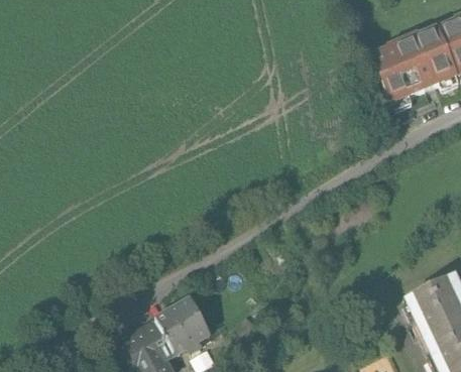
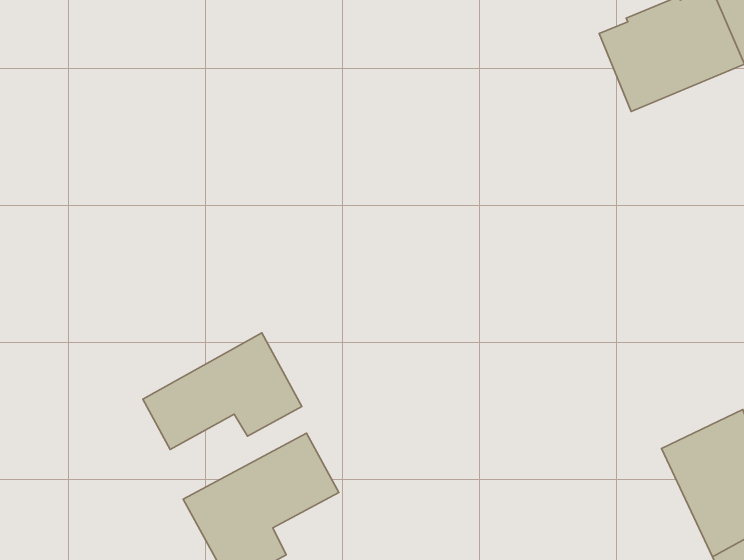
building: none -> [143,333,302,449]

